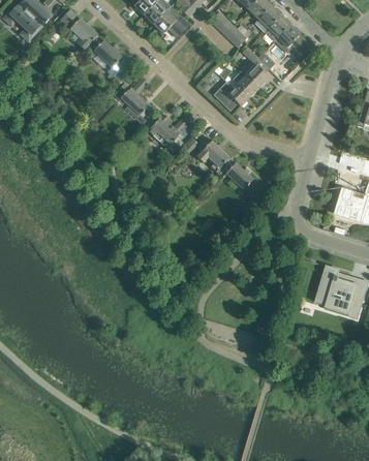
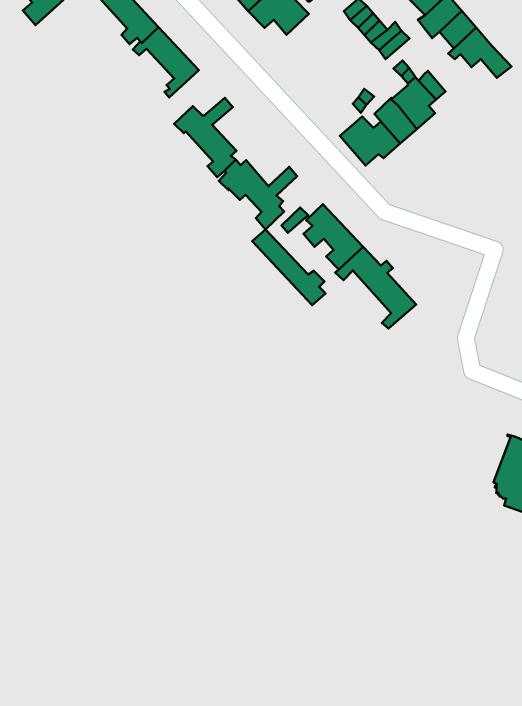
building: none -> [252,229,326,305]

